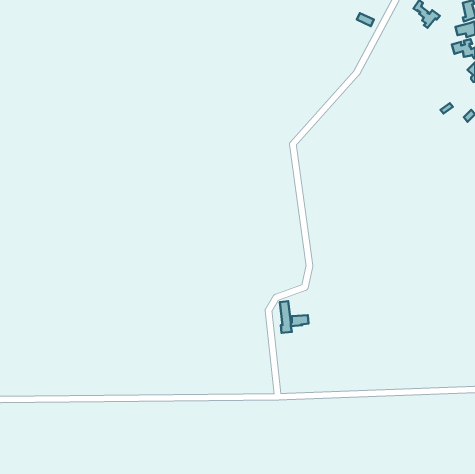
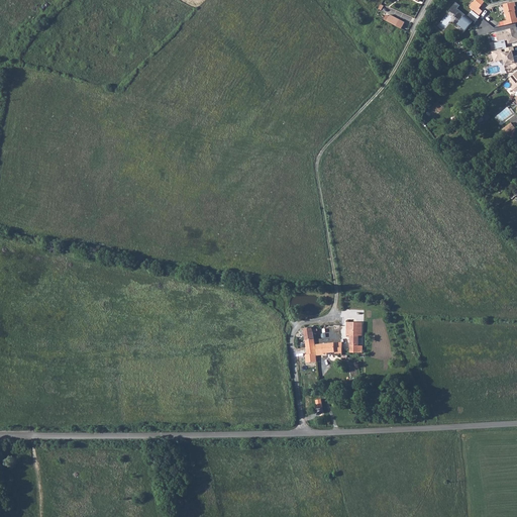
building: none -> [347,321,363,352]

